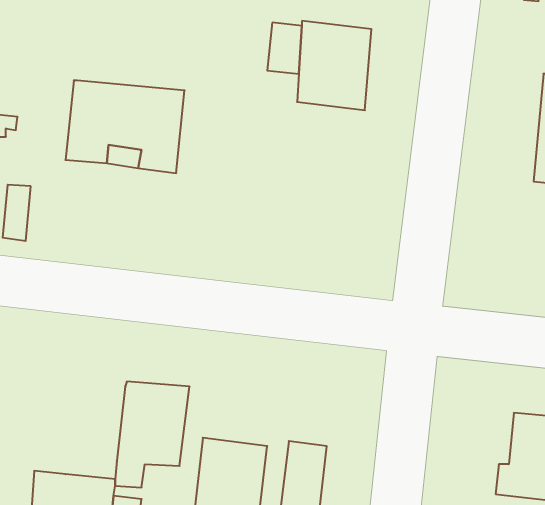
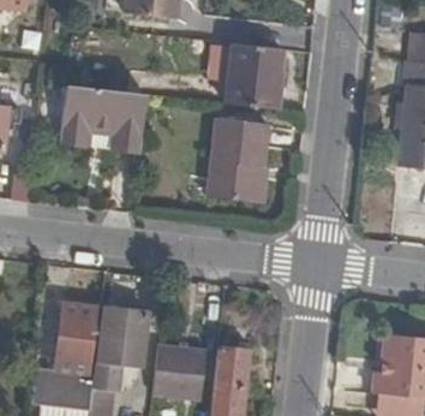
building: none -> [212,117,273,200]
building: none -> [59,304,102,375]

